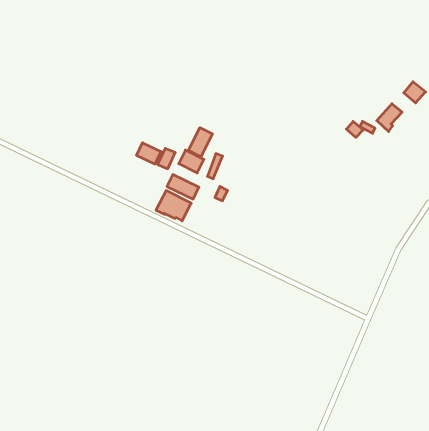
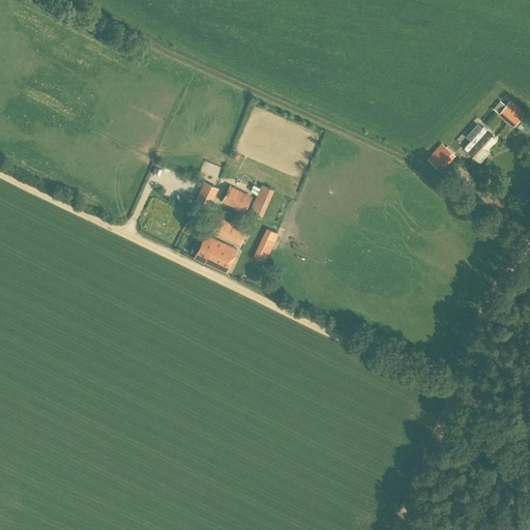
building: [188,128,212,157] -> none
building: [137,143,161,164] -> none

